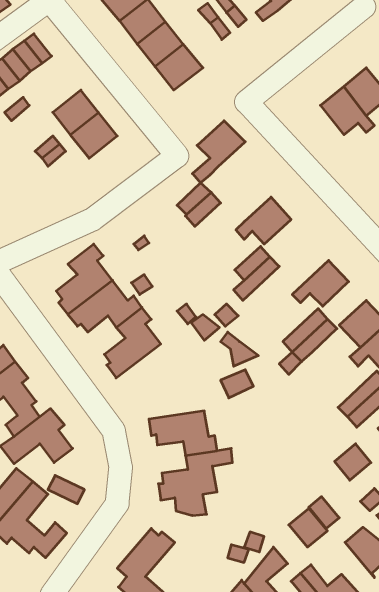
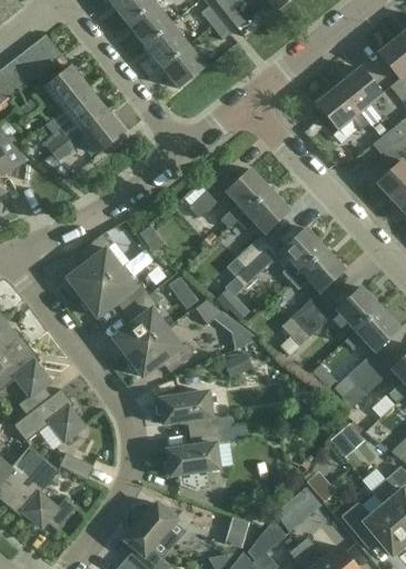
building: none -> [46,66,90,109]
building: [192,121,245,183] -> [220,169,270,228]
building: none -> [280,228,325,281]
building: none -> [123,328,194,377]

